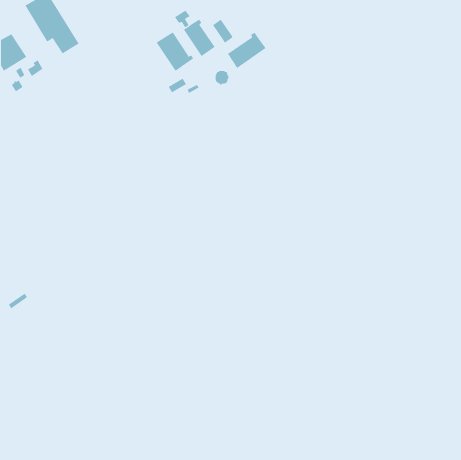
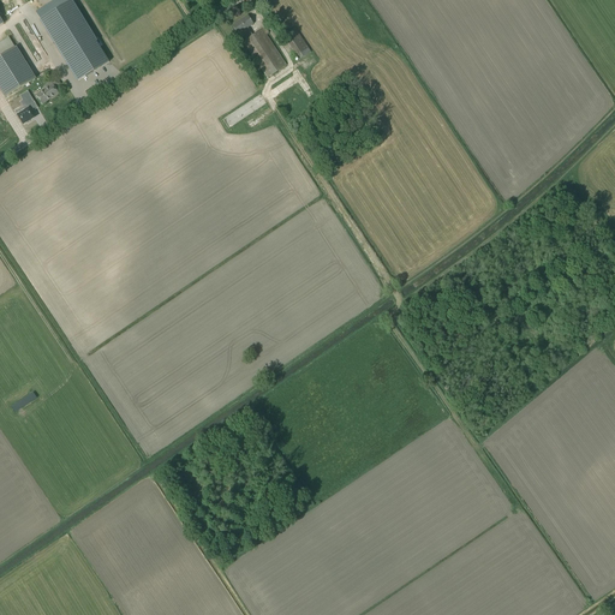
building: [156,31,194,71] -> none
building: [227,32,266,69] -> none

